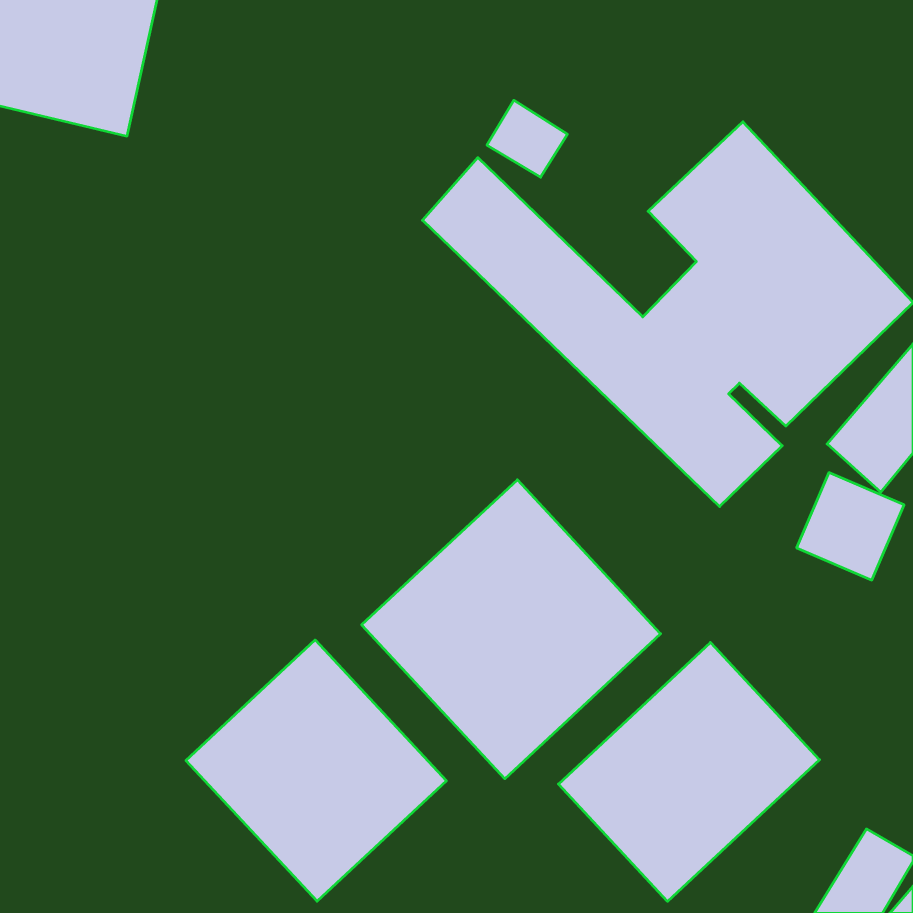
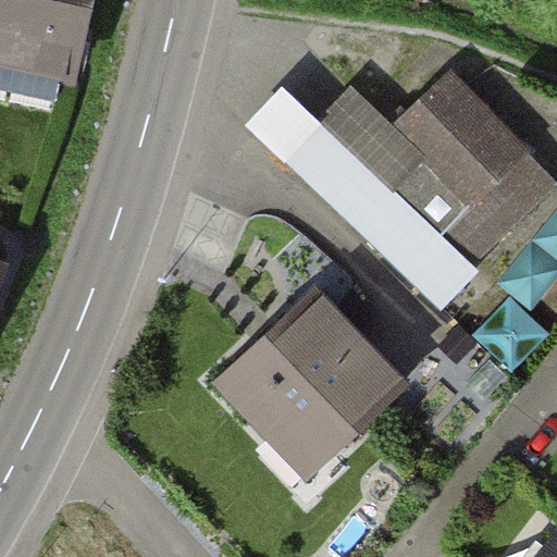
building: [186,640,446,901] -> none
building: [558,642,820,901] -> none

